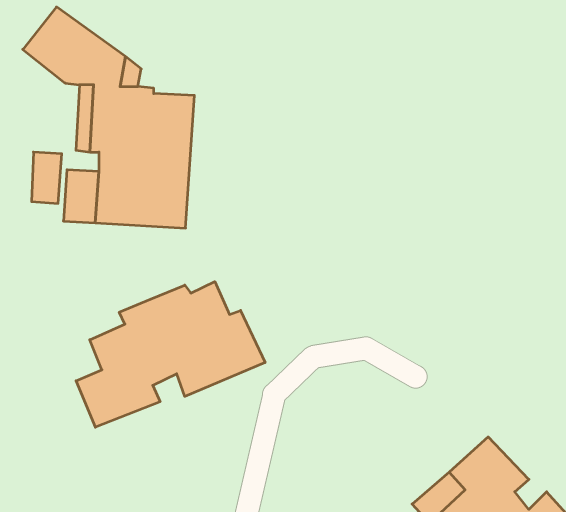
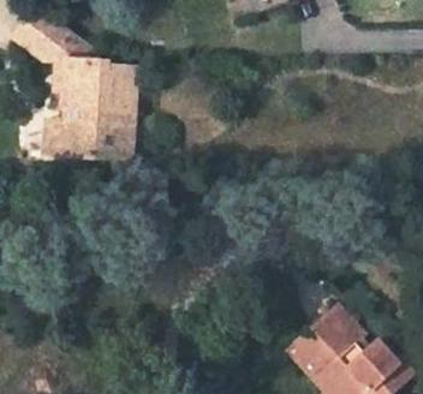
building: [76,282,265,427] -> none

